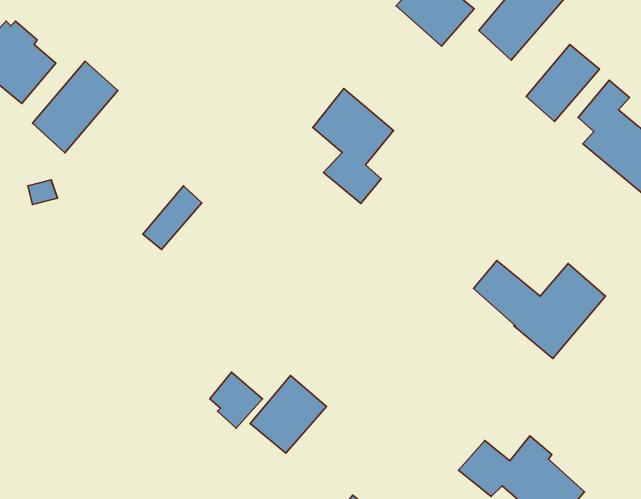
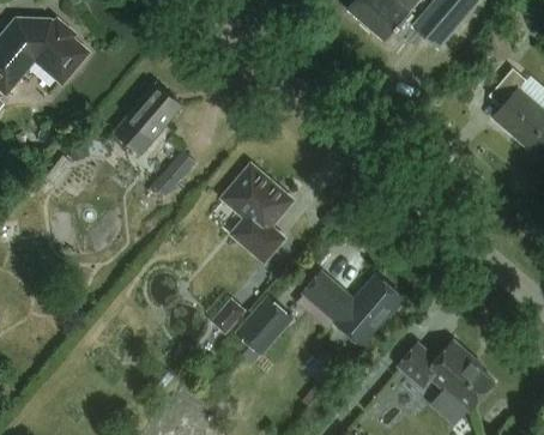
building: [526,44,600,121] -> none
building: [32,61,118,153] -> [115,84,181,155]
building: [313,89,394,204] -> [226,170,289,259]
building: [473,261,606,358] -> [302,272,404,348]

